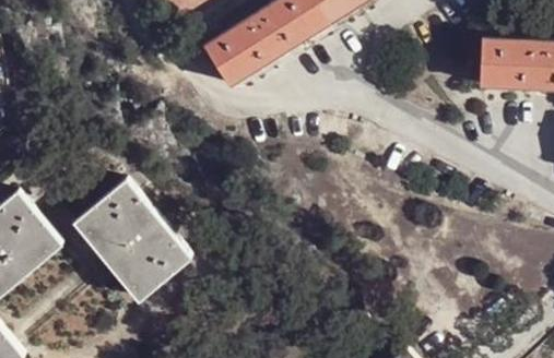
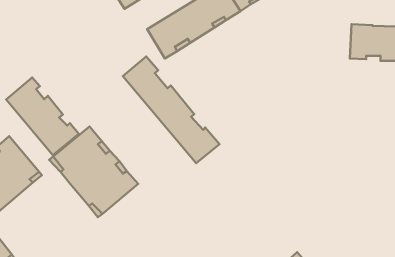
building: none -> [123,56,219,163]
building: none -> [6,77,79,155]

